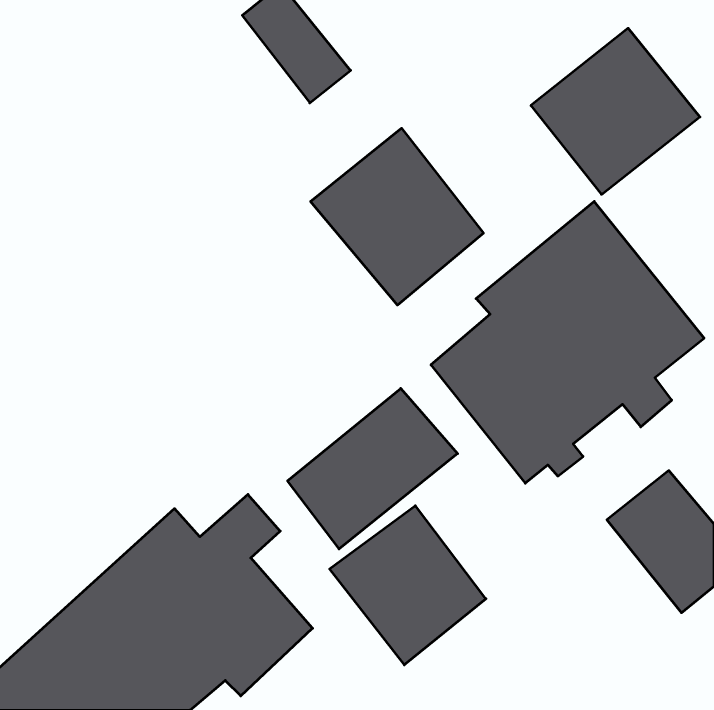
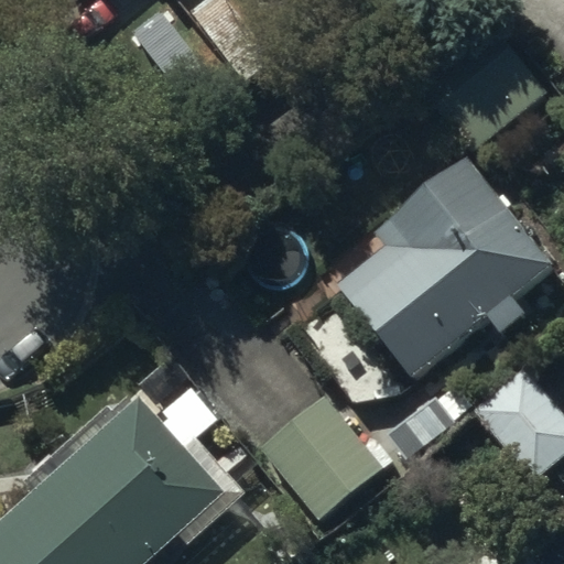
building: [311,128,483,305] -> none
building: [288,388,458,549] -> none

